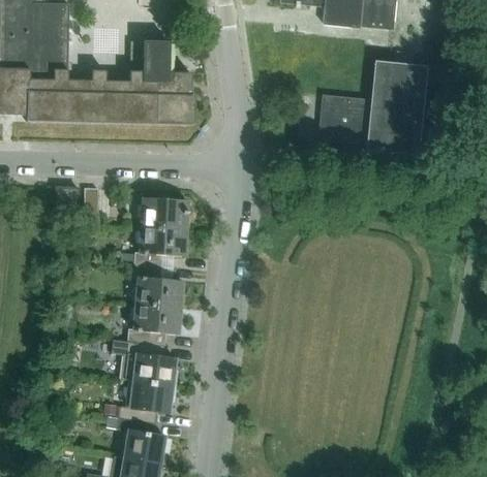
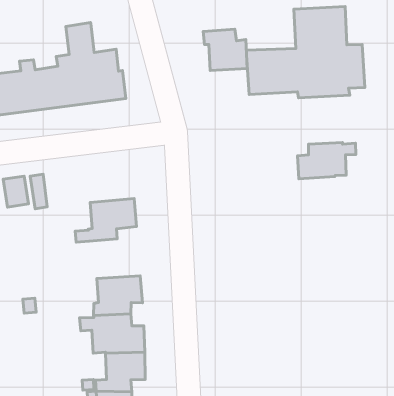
building: none -> [203,29,247,71]
building: [140,197,186,227] -> none
building: none -> [297,143,356,179]
building: [131,263,181,307] -> none

